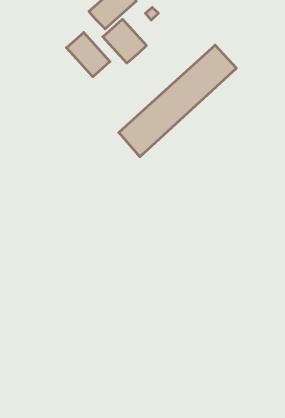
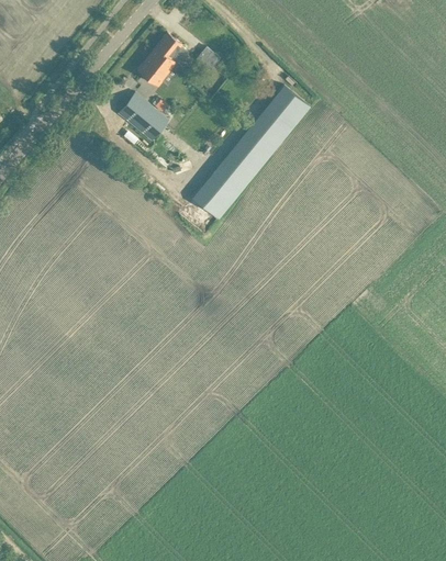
building: [103,19,146,63] -> none

